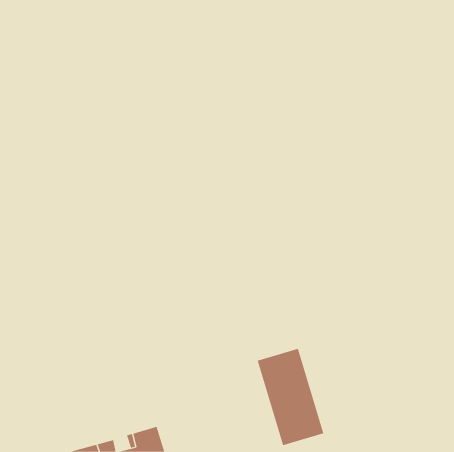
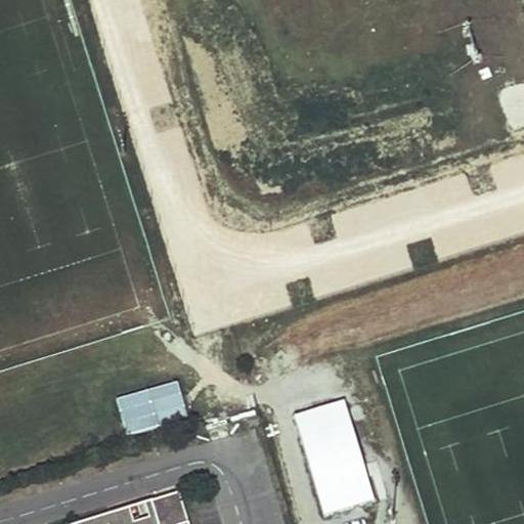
building: none -> [115,379,188,437]

